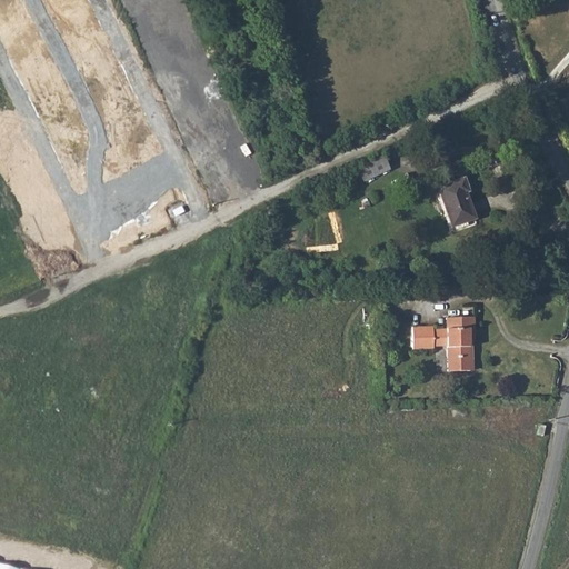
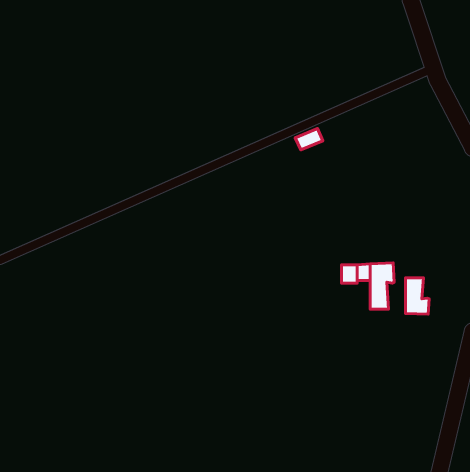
building: [440,179,477,228] -> none
building: none -> [405,278,429,314]

